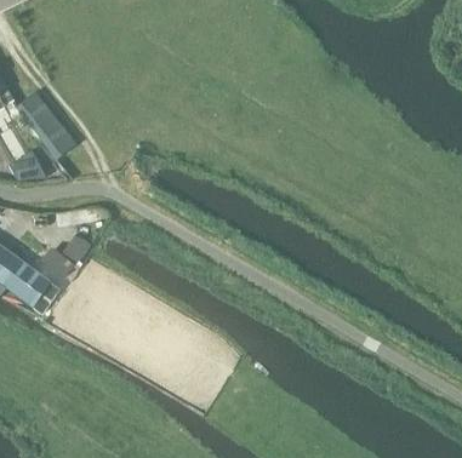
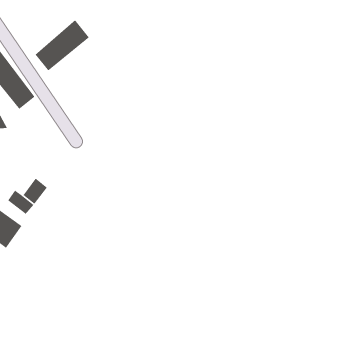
building: none -> [34,19,90,71]

